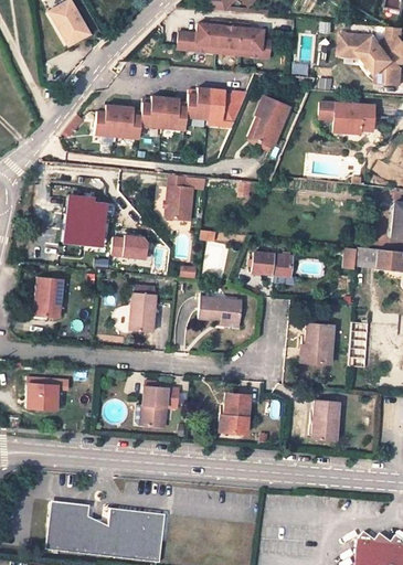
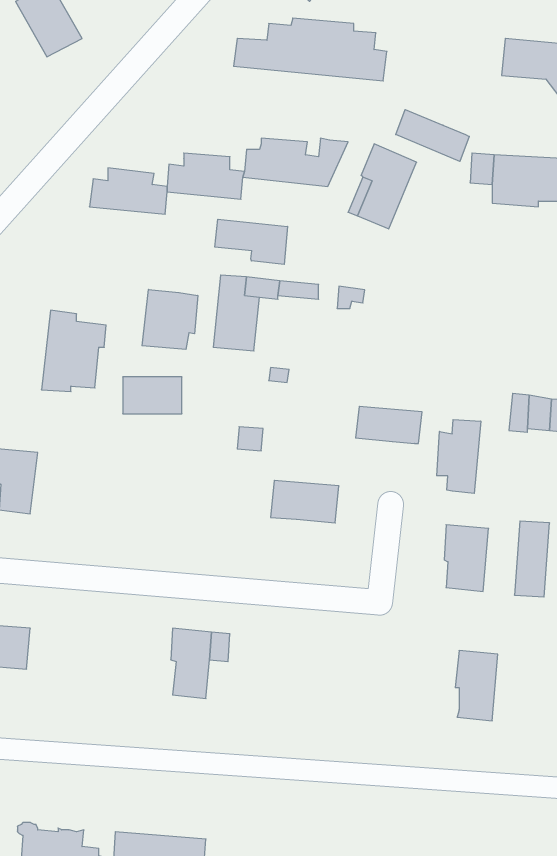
building: none -> [396,110,469,161]
building: none -> [215,219,288,264]
building: none -> [142,289,198,349]
building: none -> [437,420,481,493]
building: [130,292,156,333] -> none
building: [223,394,248,434] -> none

